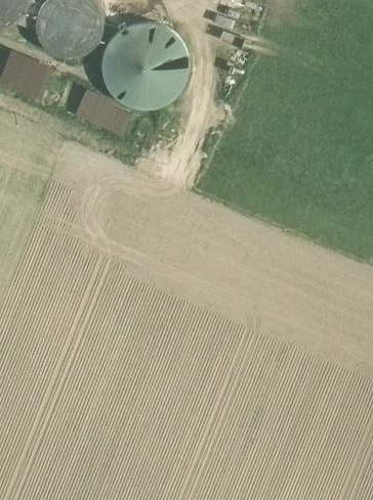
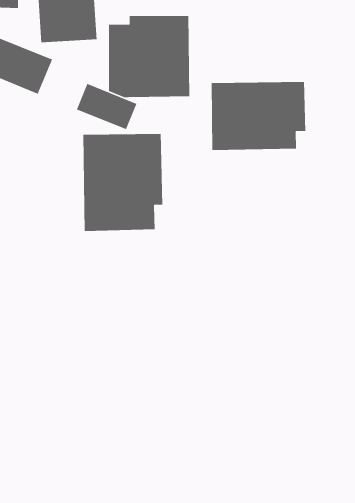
building: none -> [211,81,306,151]
building: none -> [83,133,163,232]

